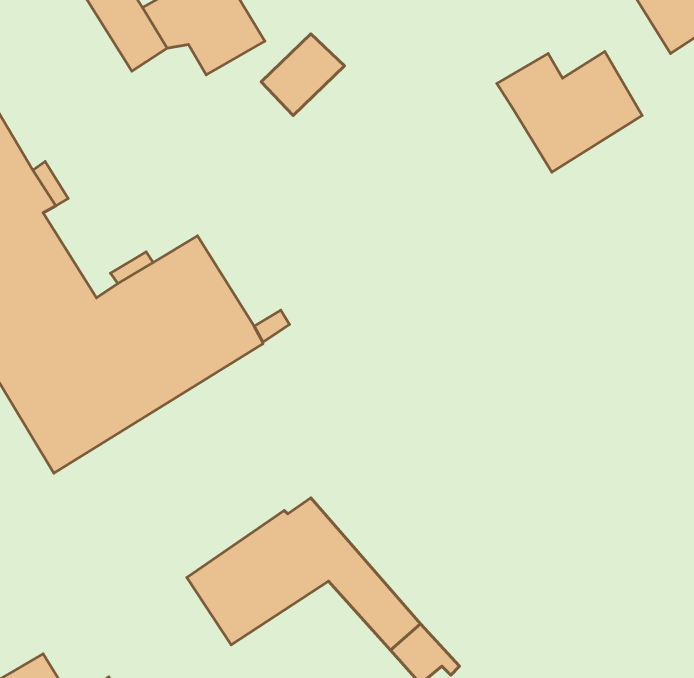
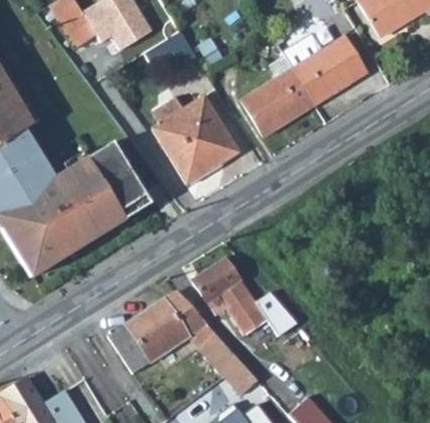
building: none -> [242,69,314,136]
building: none -> [152,96,240,184]
building: none -> [190,258,296,337]

